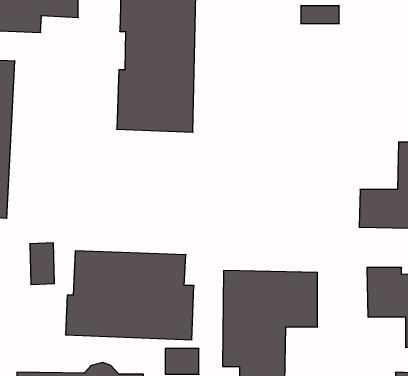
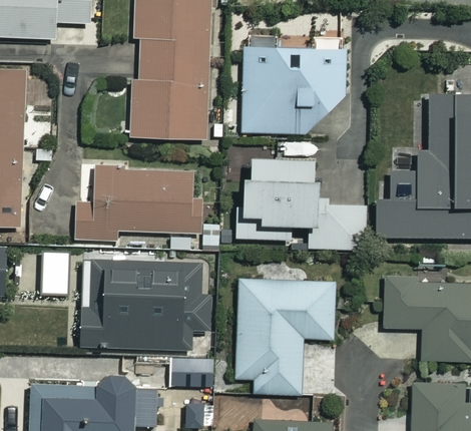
building: none -> [244,51,346,133]
building: none -> [238,157,366,250]
building: none -> [75,168,201,241]

